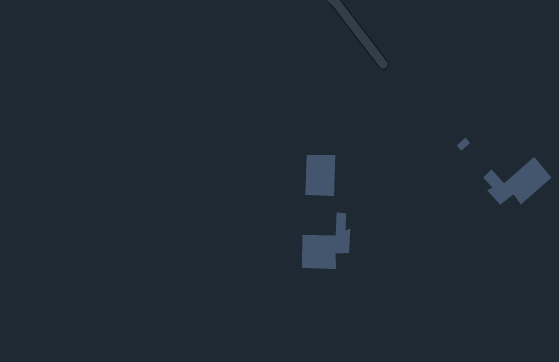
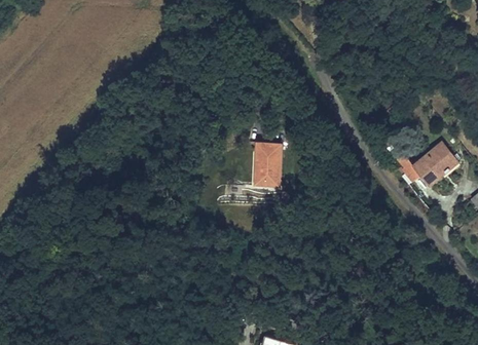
building: [301,212,351,270] -> none

